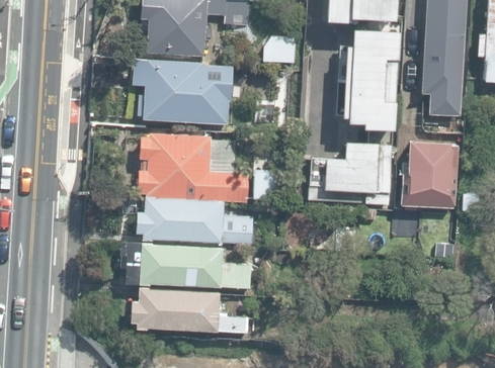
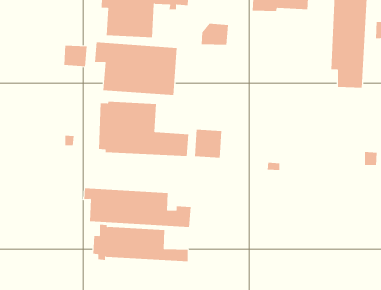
building: [342,30,400,131] -> none
building: [398,141,455,207] -> none
building: [311,144,395,206] -> none
building: [137,199,253,246] -> none

